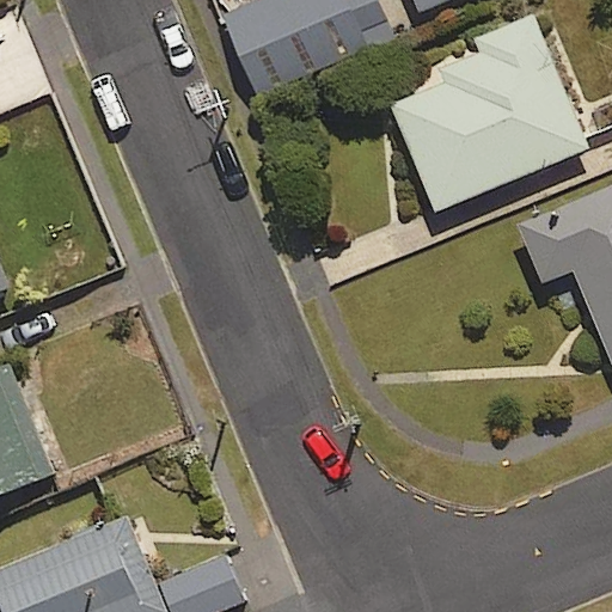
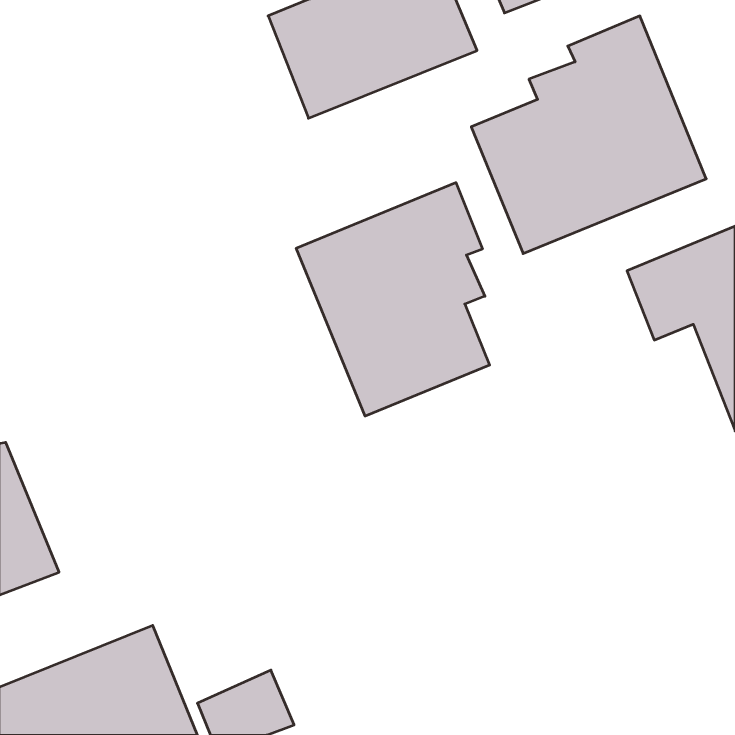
building: none -> [296,183,490,416]

